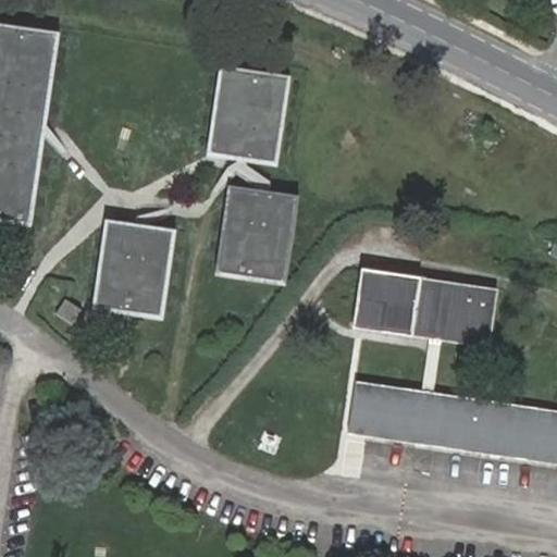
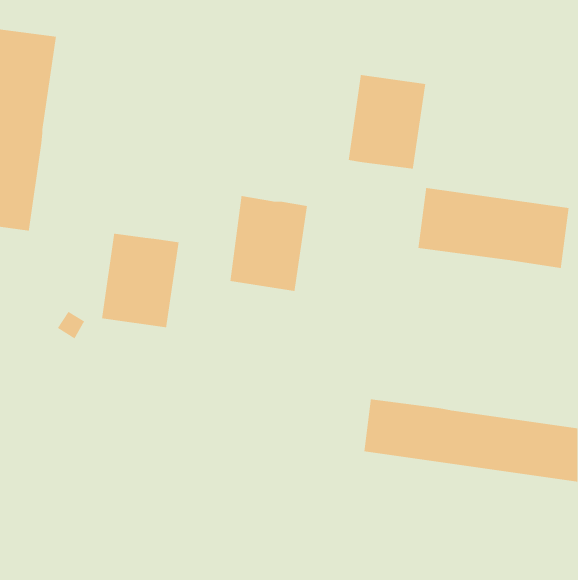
building: [210,69,285,160] -> [348,74,426,170]
building: [354,265,499,344] -> [417,187,570,269]

